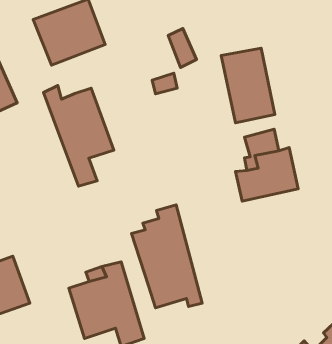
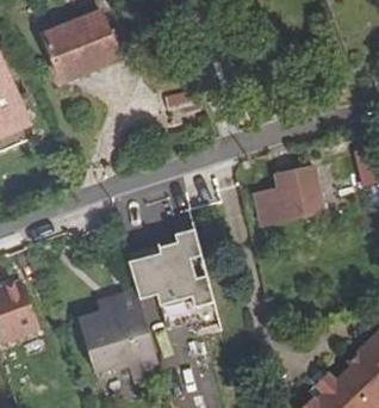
building: [221,48,275,123] -> none
building: [43,85,114,186] -> none
building: none -> [126,246,164,319]

